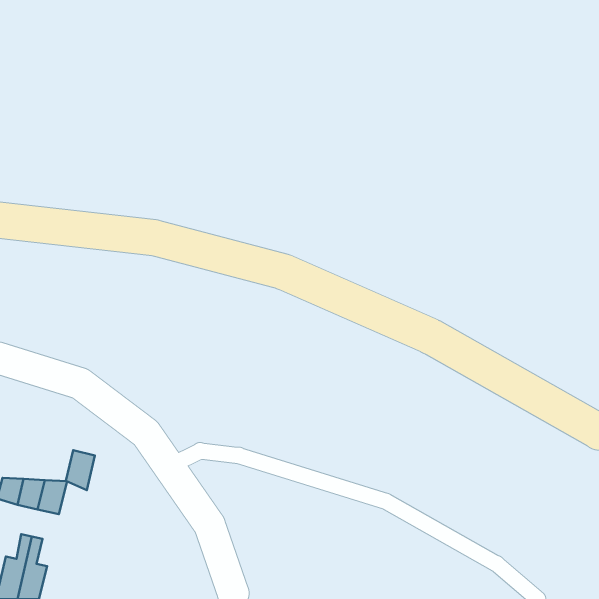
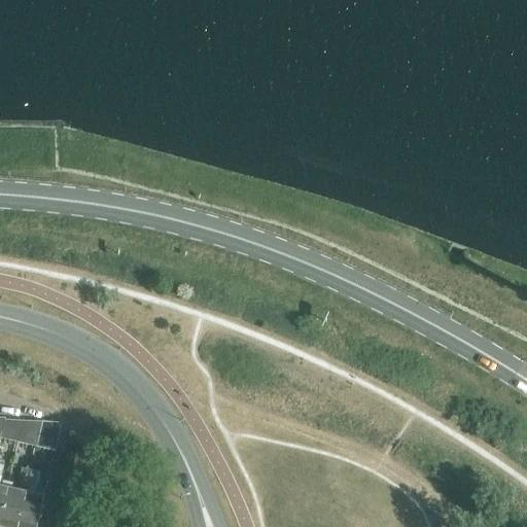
building: [66,450,95,490] -> none

